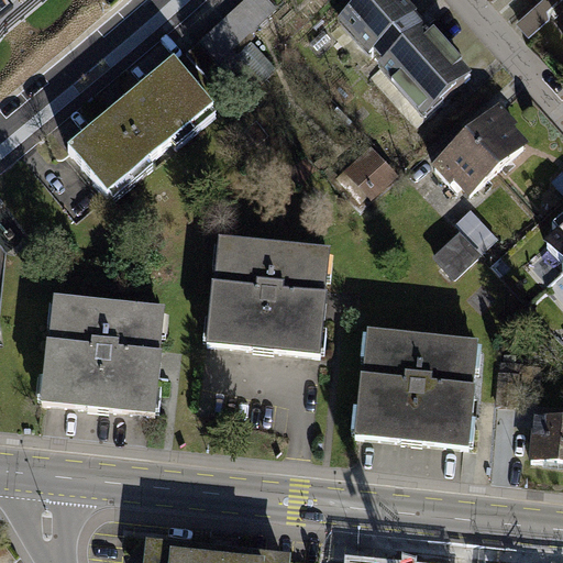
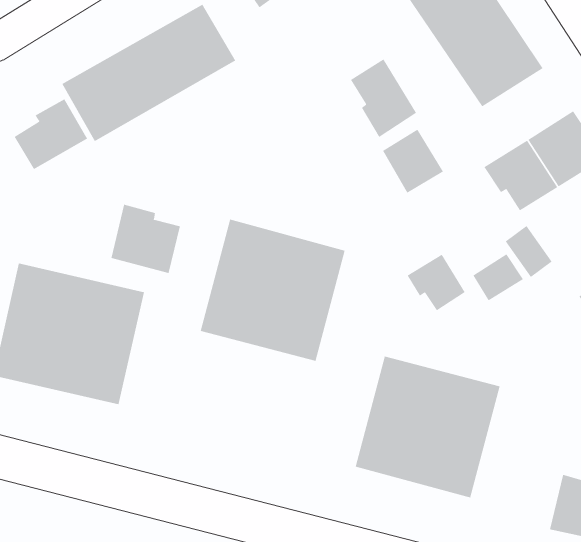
building: none -> [350,58,417,138]
building: none -> [14,98,88,170]
building: none -> [111,204,180,274]
building: none -> [407,254,466,311]

